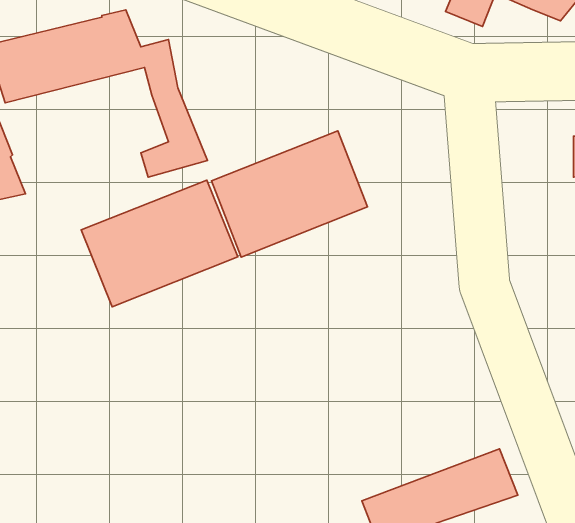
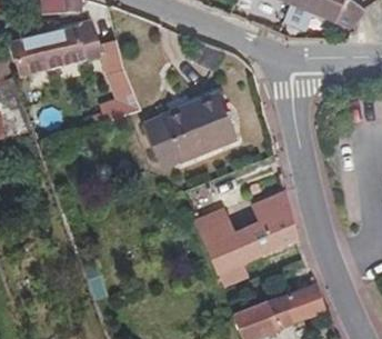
building: [81,180,238,307] -> none
building: none -> [193,192,296,286]

